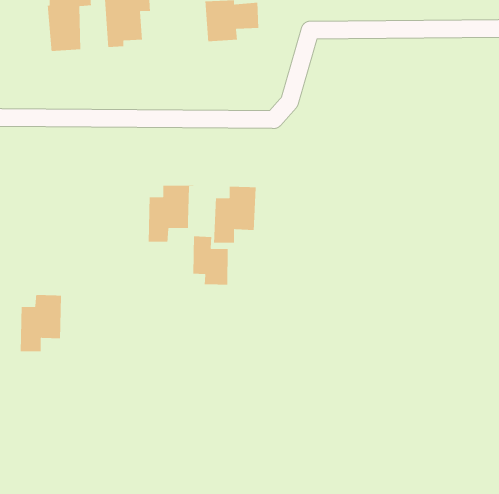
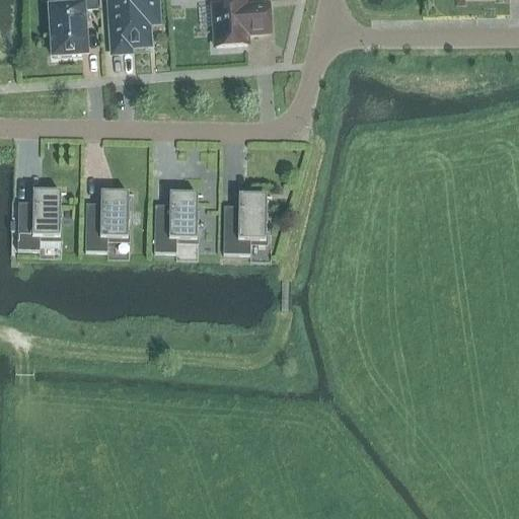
building: none -> [85,190,134,250]
building: [192,235,231,286] -> none
building: [20,294,67,352] -> [17,189,66,248]

